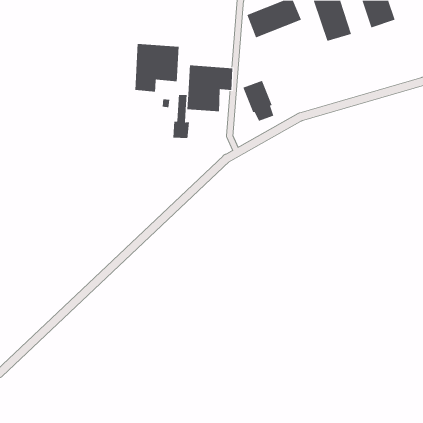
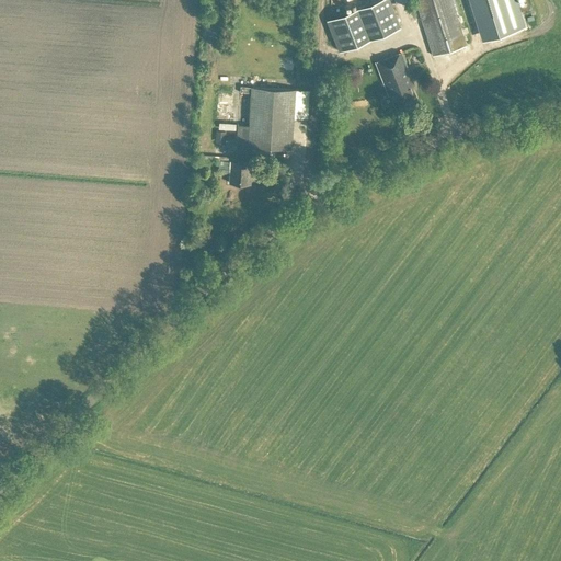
building: [135,43,179,93] -> none
building: [243,80,274,122] -> [374,53,415,107]

